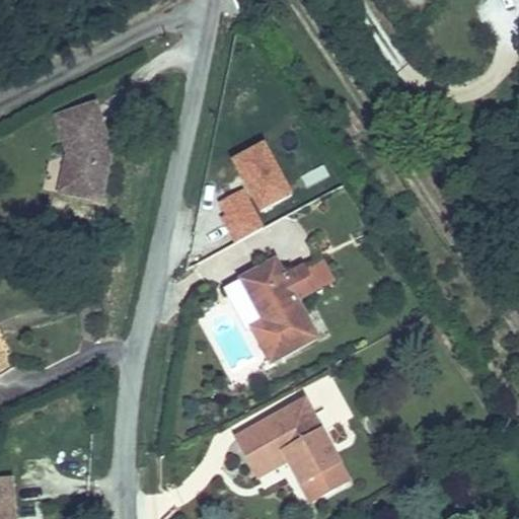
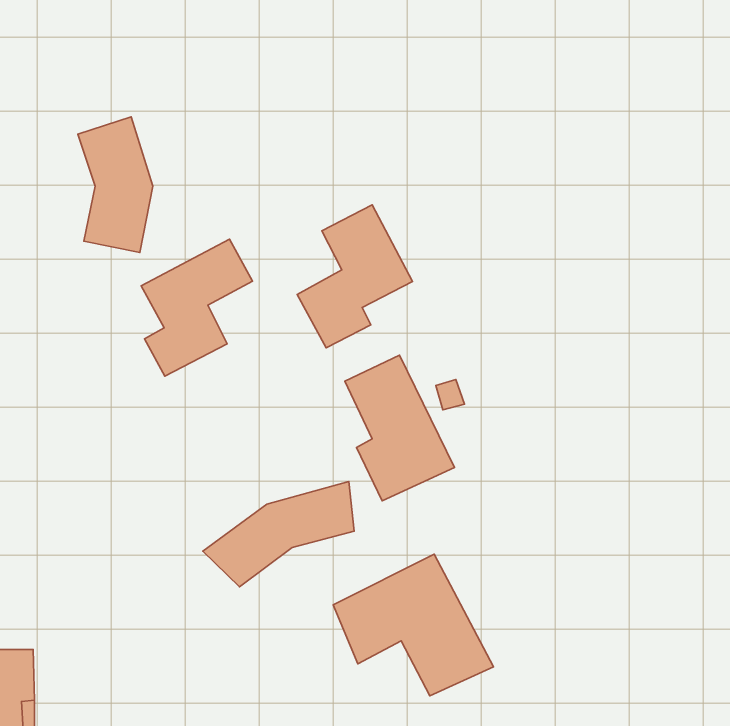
building: none -> [141,239,253,376]
building: none -> [203,481,354,587]

